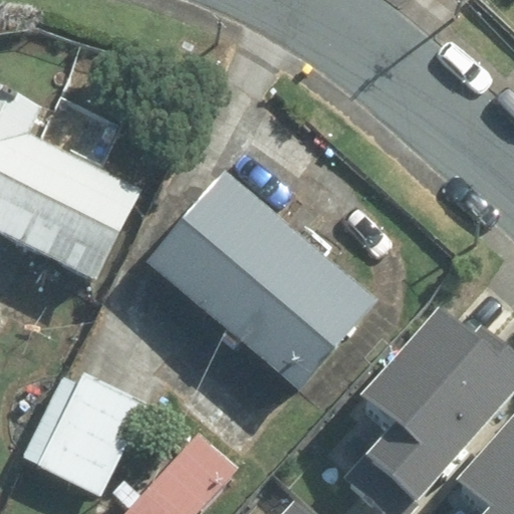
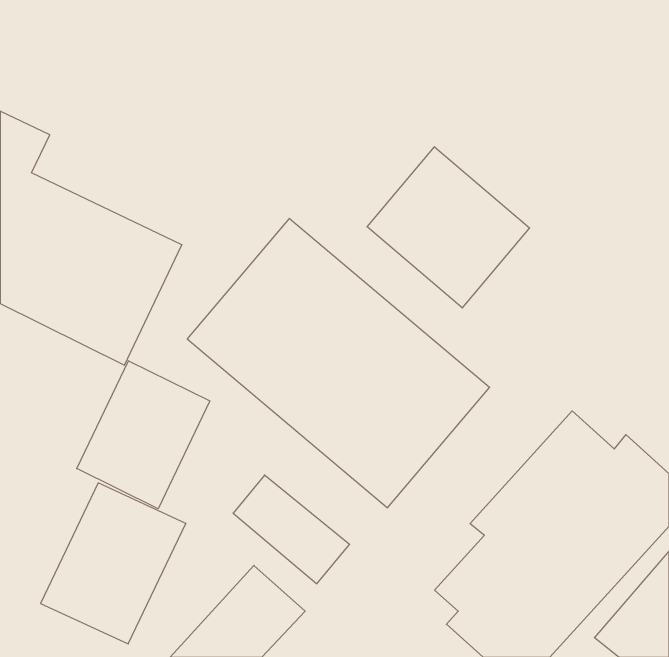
building: none -> [367,147,530,308]
building: none -> [77,361,210,509]

